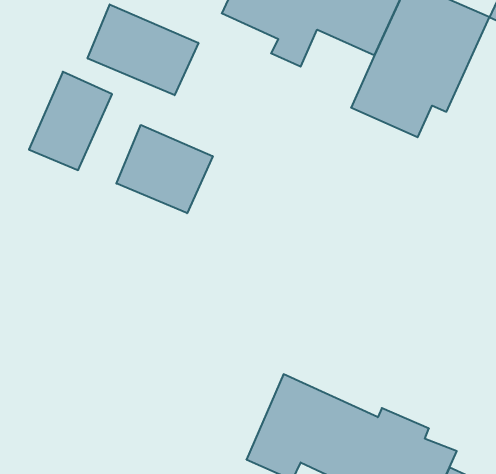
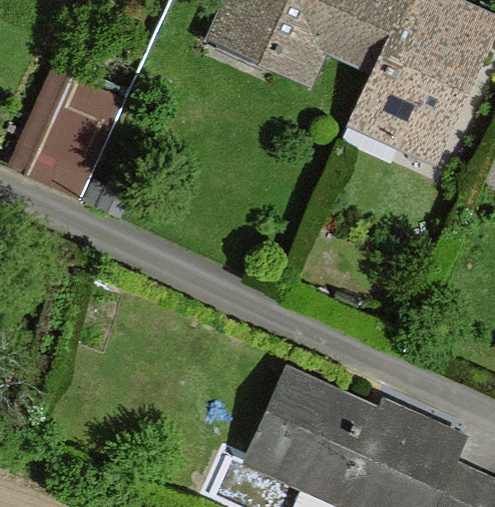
building: [88,4,198,95] -> none
building: [116,125,213,213] -> none

